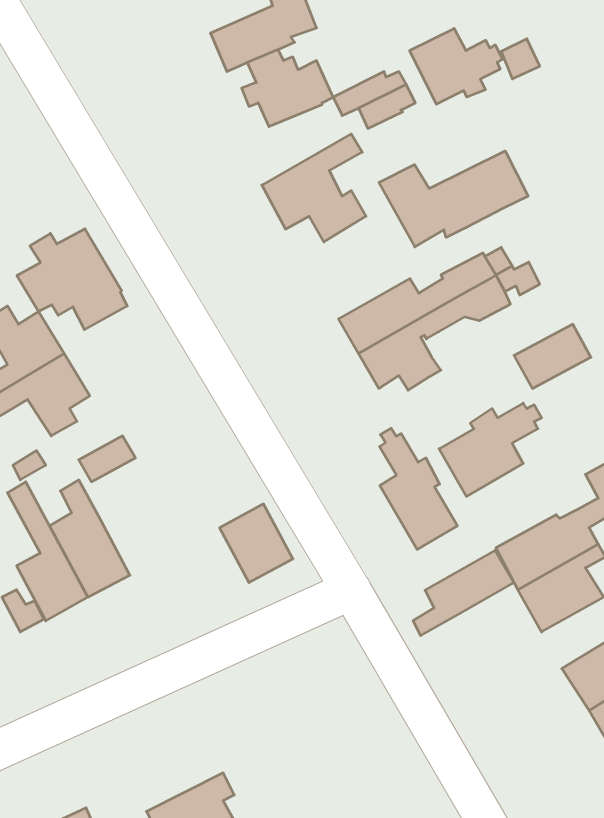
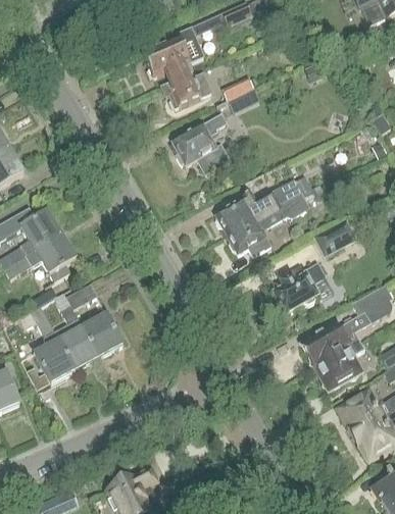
building: [410,28,503,104] -> none
building: [379,151,528,247] -> none
building: [17,229,127,330] -> none
building: [380,428,457,549] -> none
building: [220,504,293,583] -> [82,314,122,358]
building: [413,550,514,636] -> none

